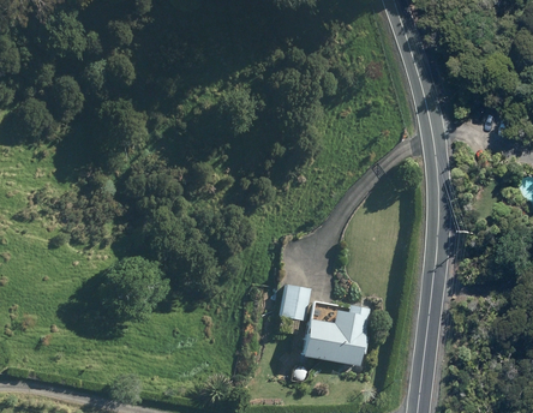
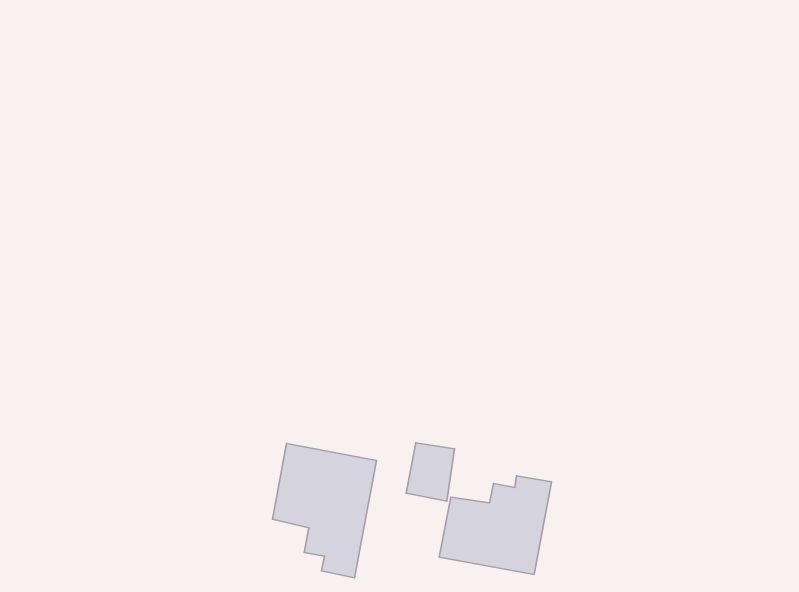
building: none -> [272,443,376,578]

